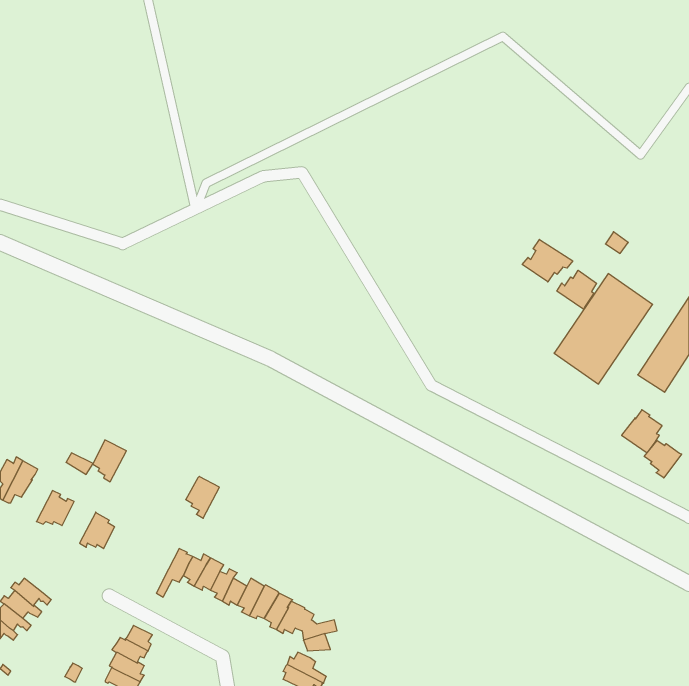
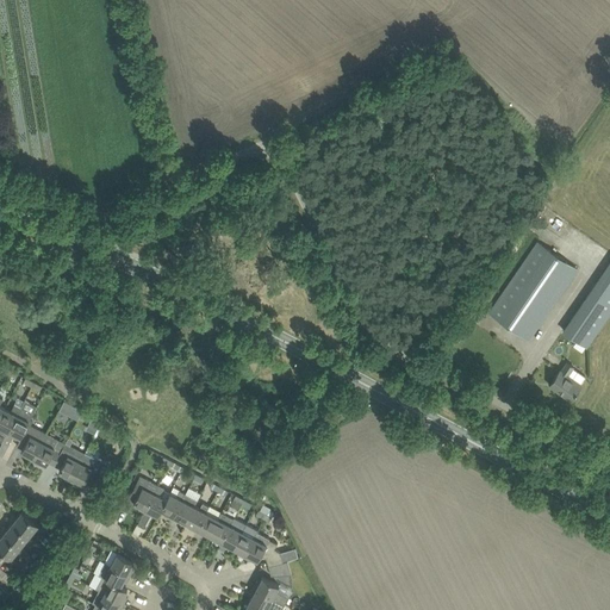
building: [522,239,573,282] -> none
building: [557,270,597,309] -> none
building: [93,440,126,482] -> [55,446,85,483]
building: [644,440,682,478] -> none
building: [186,476,219,518] -> [129,478,158,515]
building: none -> [17,427,46,463]

